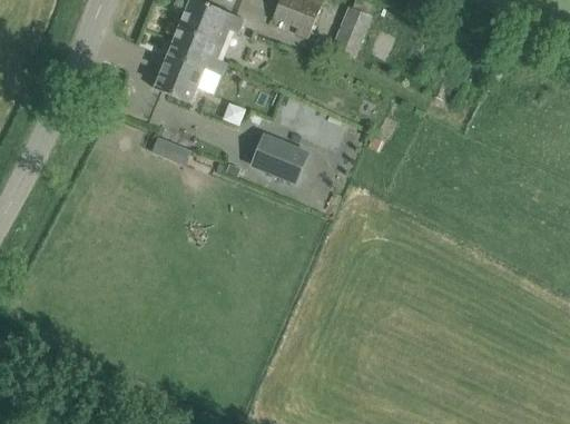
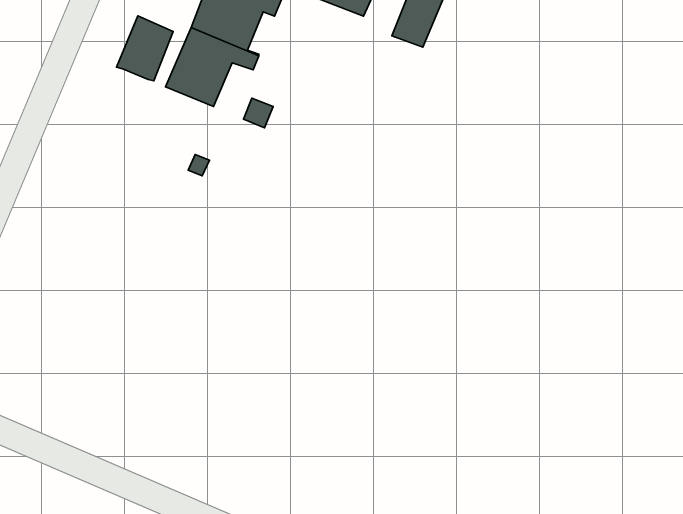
building: none -> [117,16,173,81]
building: [252,136,305,179] -> none

